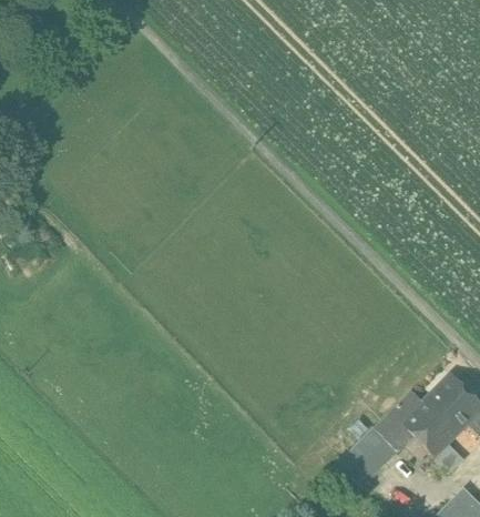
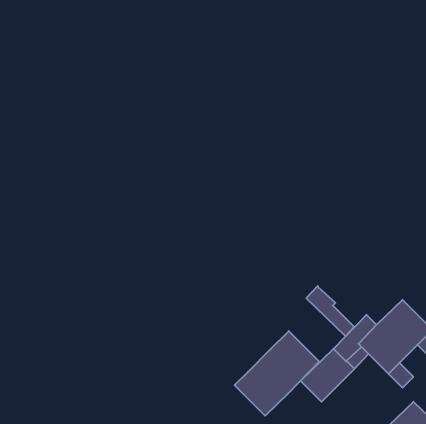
building: none -> [306,286,354,336]
building: none -> [235,331,319,416]

